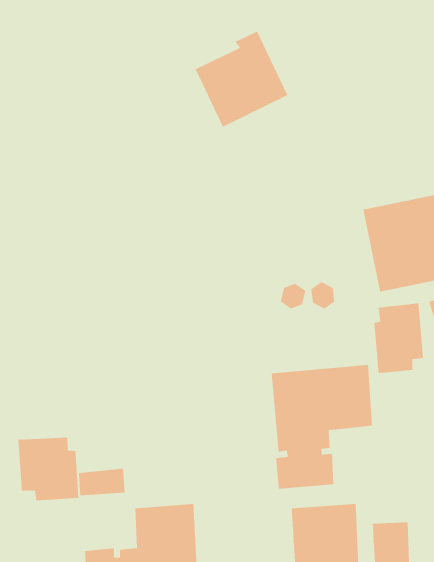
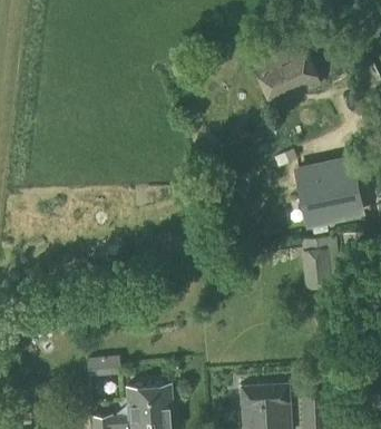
building: [195,31,288,127] -> [253,37,321,107]
building: [271,364,373,489] -> none
building: [18,437,79,501] -> none

